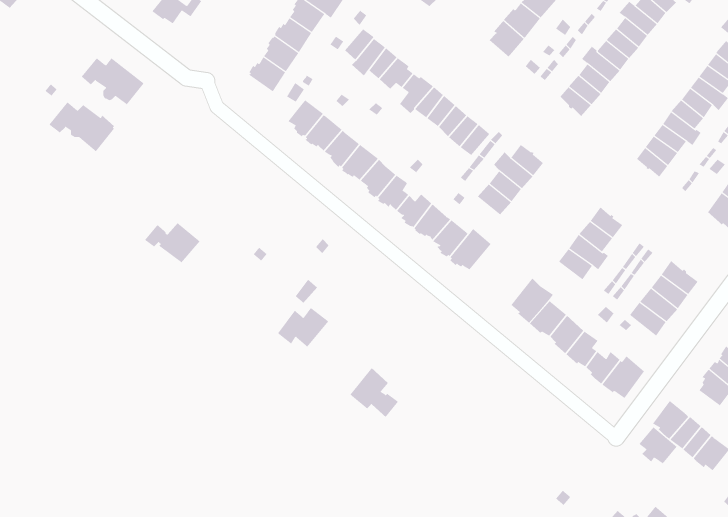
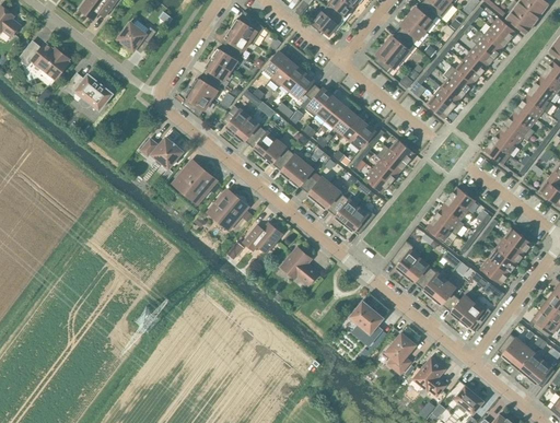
building: none -> [183,86,211,117]
building: [48,101,115,152] -> [20,40,70,79]
building: none -> [174,164,218,198]
building: none -> [209,195,249,226]
building: [144,223,201,263] -> [141,137,184,167]
building: [277,307,329,348] -> [244,222,283,252]
building: none -> [350,299,384,344]
building: [350,367,399,418] -> [282,246,319,284]
building: none -> [386,331,417,373]
building: [639,426,678,464] -> [455,385,485,413]
building: none -> [413,356,446,395]

